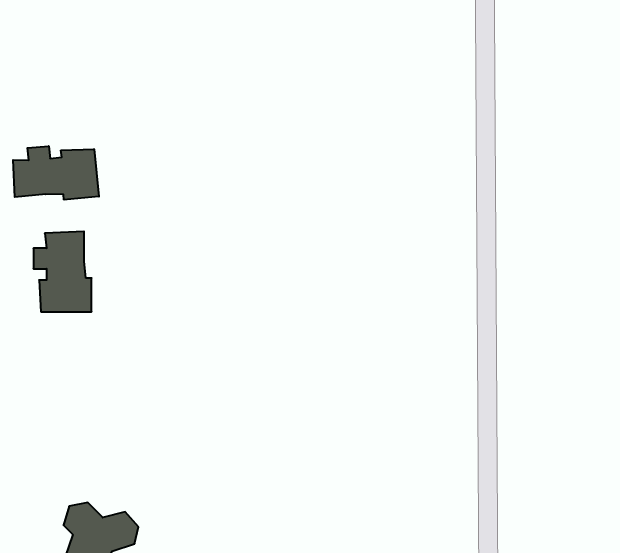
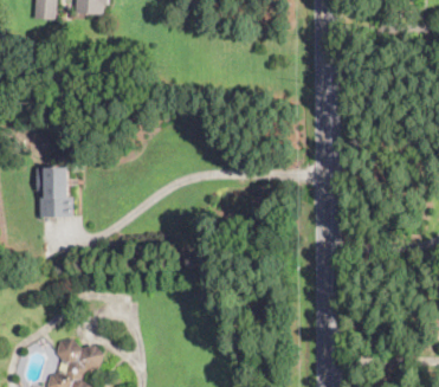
building: [13,146,99,200] -> none

